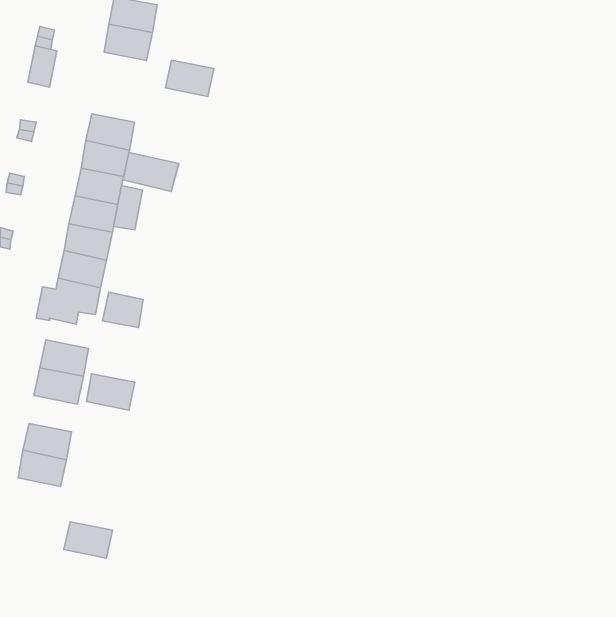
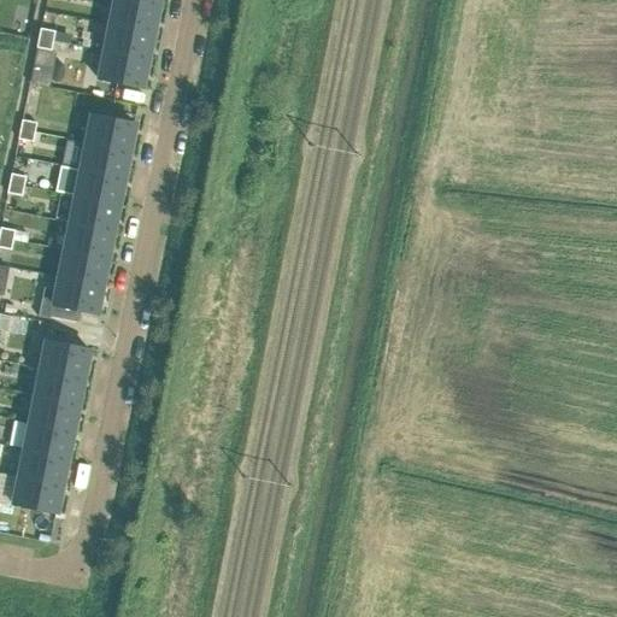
building: [165,60,214,96] -> [100,52,148,88]
building: [123,152,179,191] -> none
building: [114,186,142,230] -> none
building: [103,292,143,327] -> none
building: [87,374,135,410] -> [31,394,80,430]
building: [64,522,112,558] -> [14,476,63,512]

